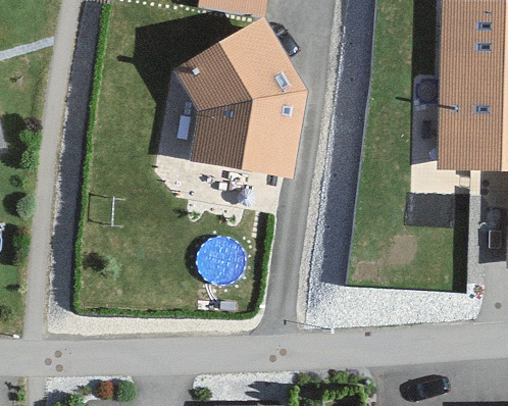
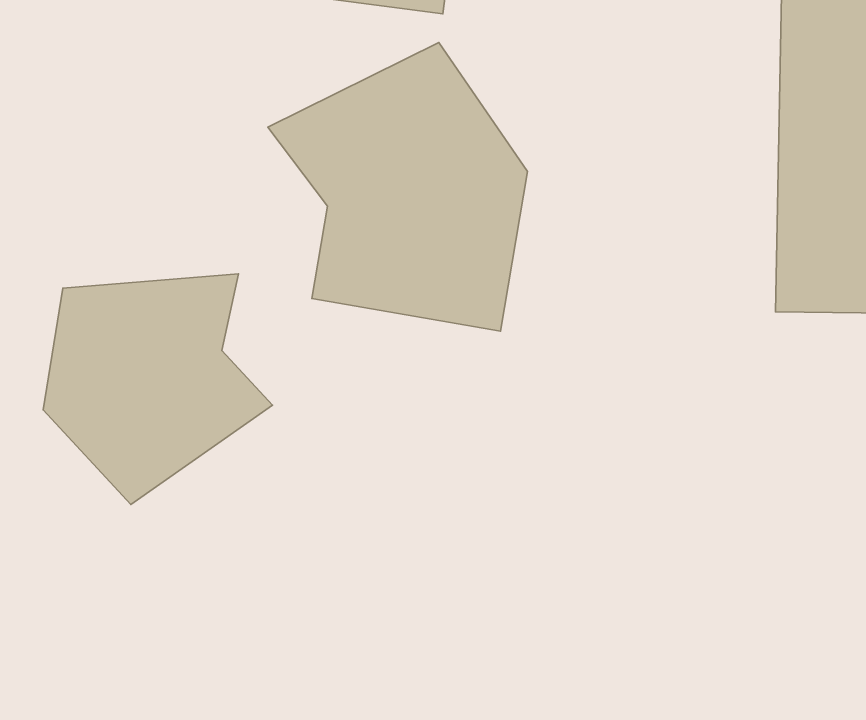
building: none -> [43,274,272,504]

